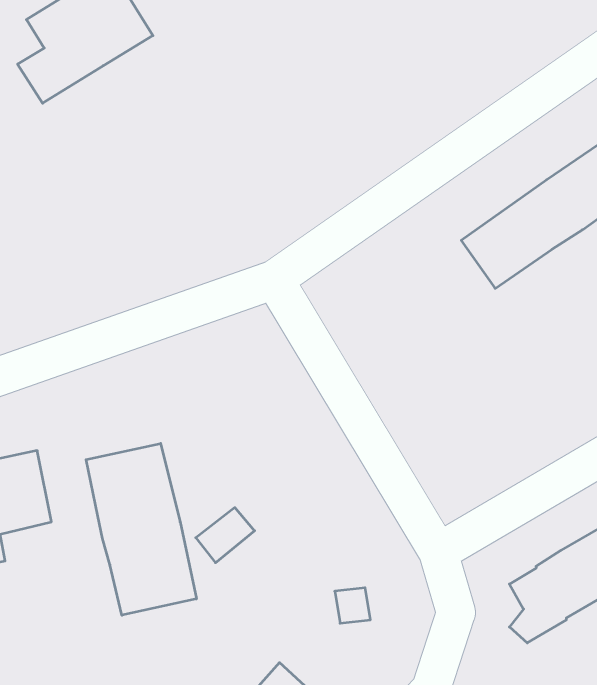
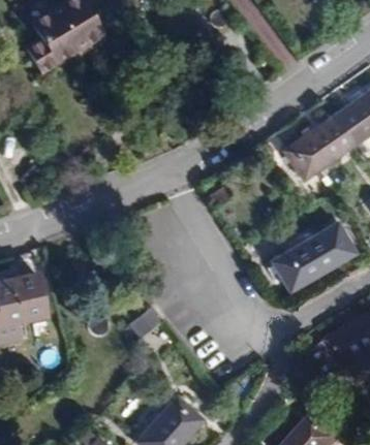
building: none -> [271,222,354,290]
building: [86,443,196,615] -> none

